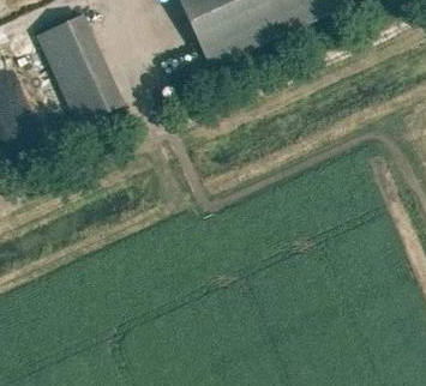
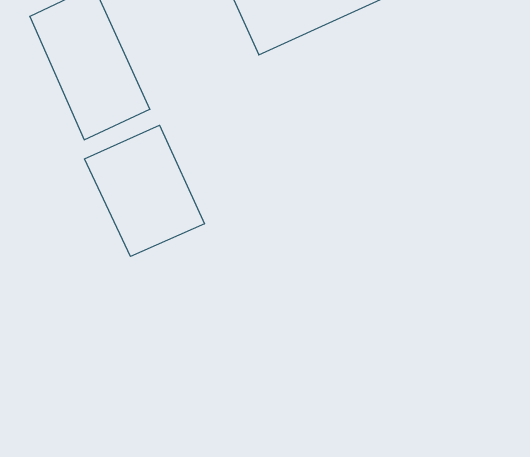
building: none -> [84,125,204,256]

